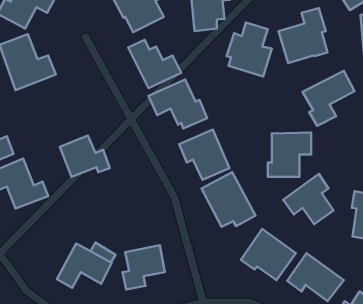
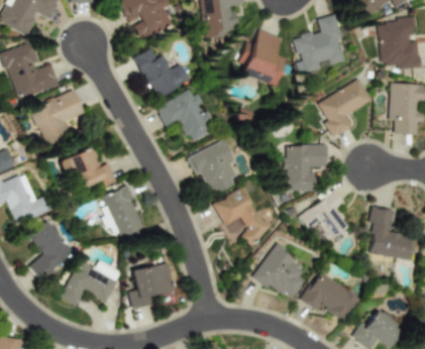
building: none -> [29,90,84,145]
building: none -> [104,186,145,237]
building: none -> [29,220,76,279]

